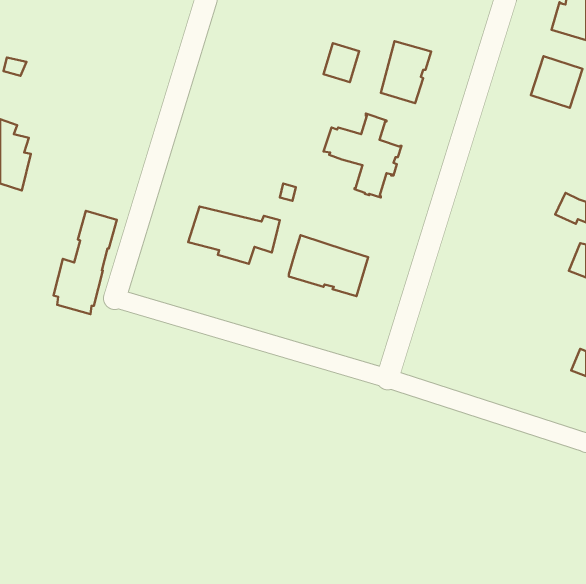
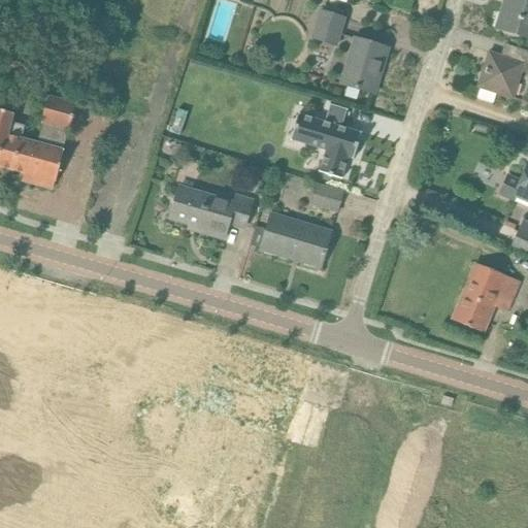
building: [324,43,359,82] -> [314,7,345,42]
building: none -> [310,184,343,210]
building: [54,211,117,314] -> [20,95,76,188]
building: none -> [452,262,520,331]

